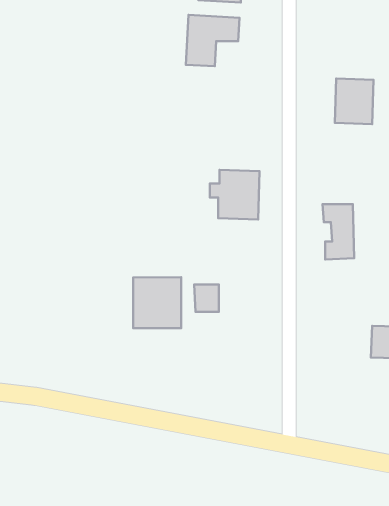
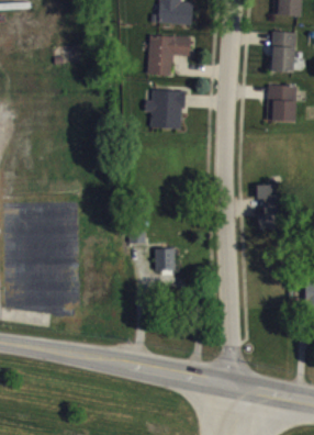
building: none -> [272,32,295,71]
building: [210,170,259,220] -> [145,89,184,129]
building: [133,277,181,328] -> none

